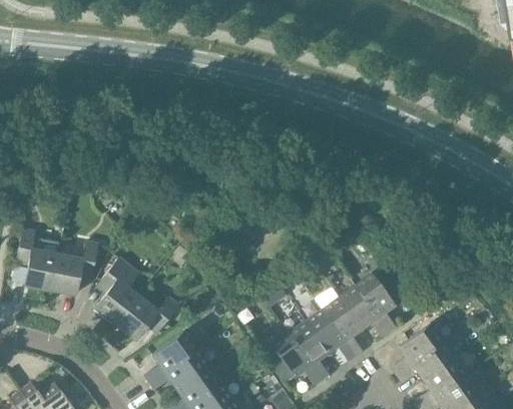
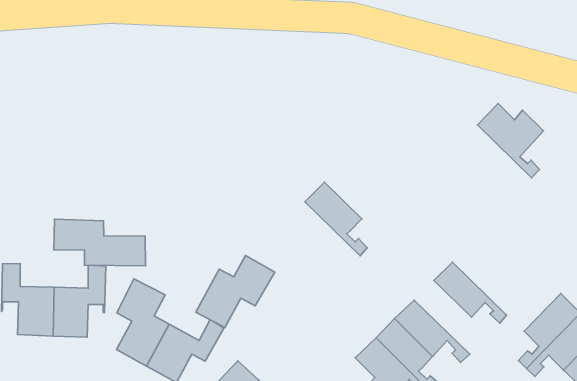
building: none -> [54,219,145,266]
building: none -> [196,256,275,327]
building: [355,274,403,333] -> [477,104,544,178]
building: [322,298,362,357] -> [305,182,367,256]

